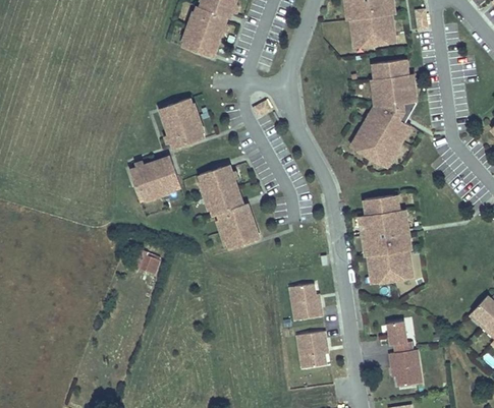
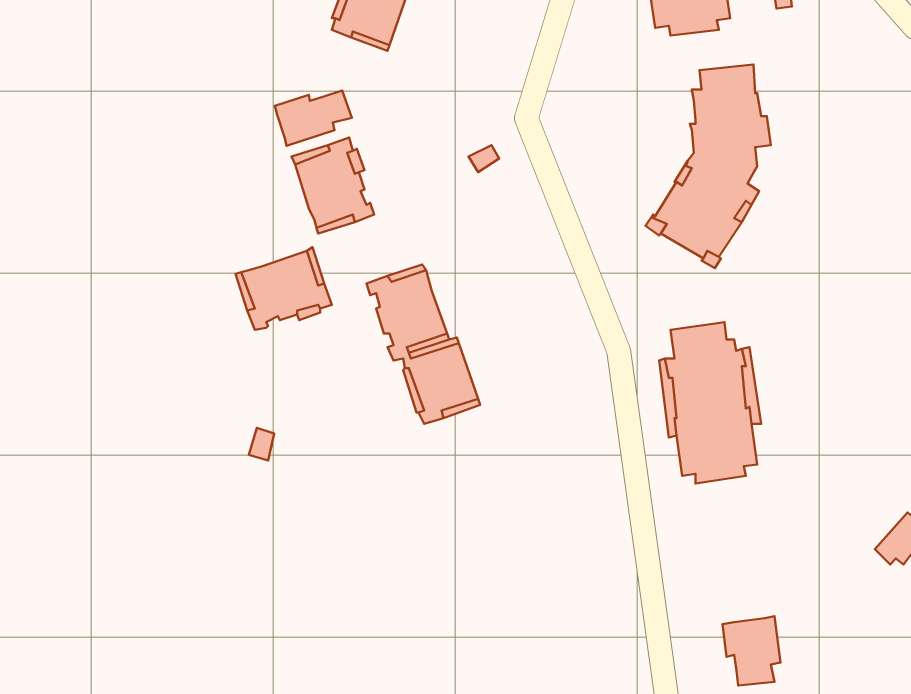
building: none -> [275,90,352,146]
building: [290,284,321,322] -> none
building: [387,324,411,355] -> none
building: [295,333,326,369] -> none

